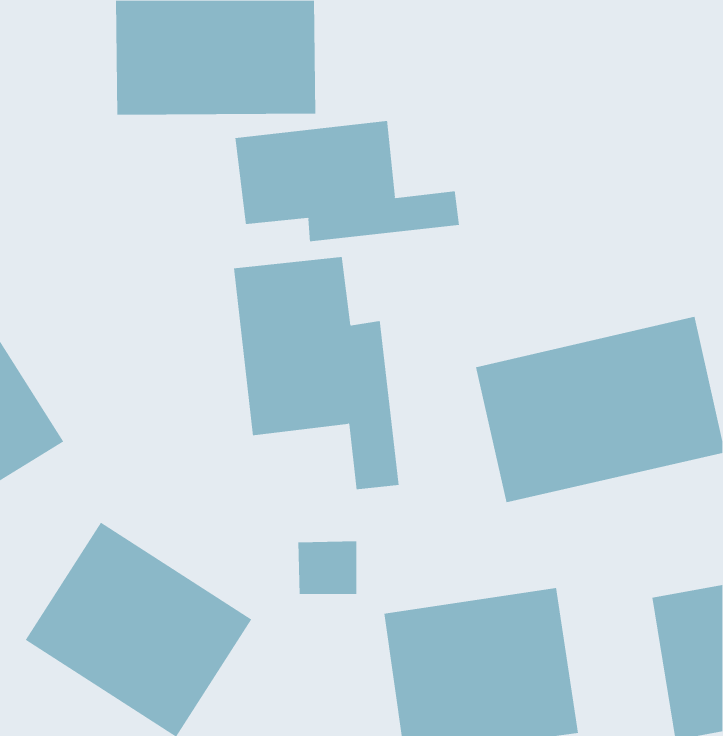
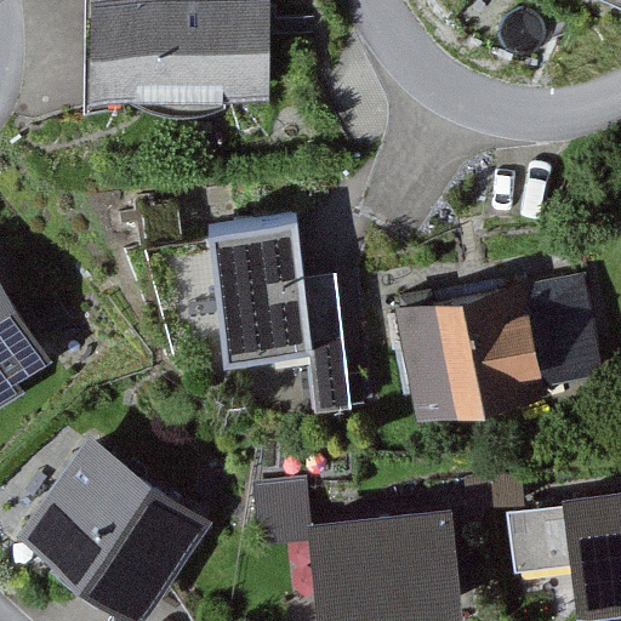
building: [235,120,460,242] -> none

